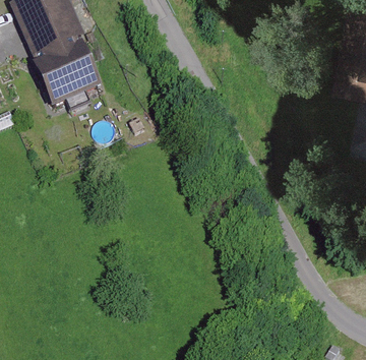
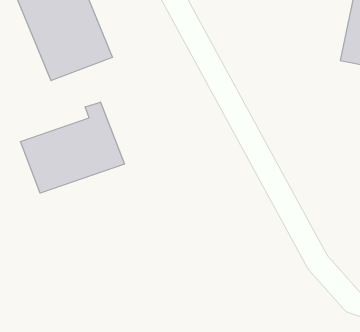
building: none -> [21,102,124,193]

